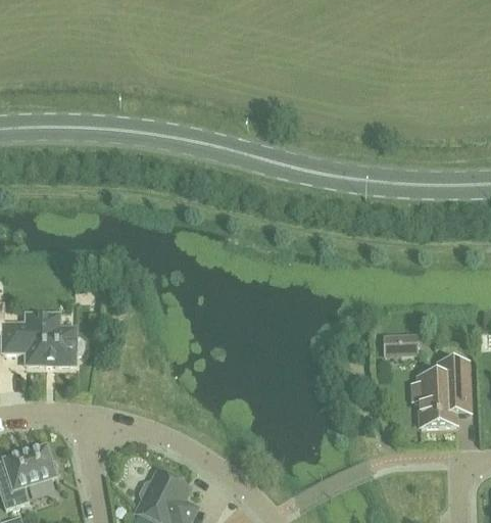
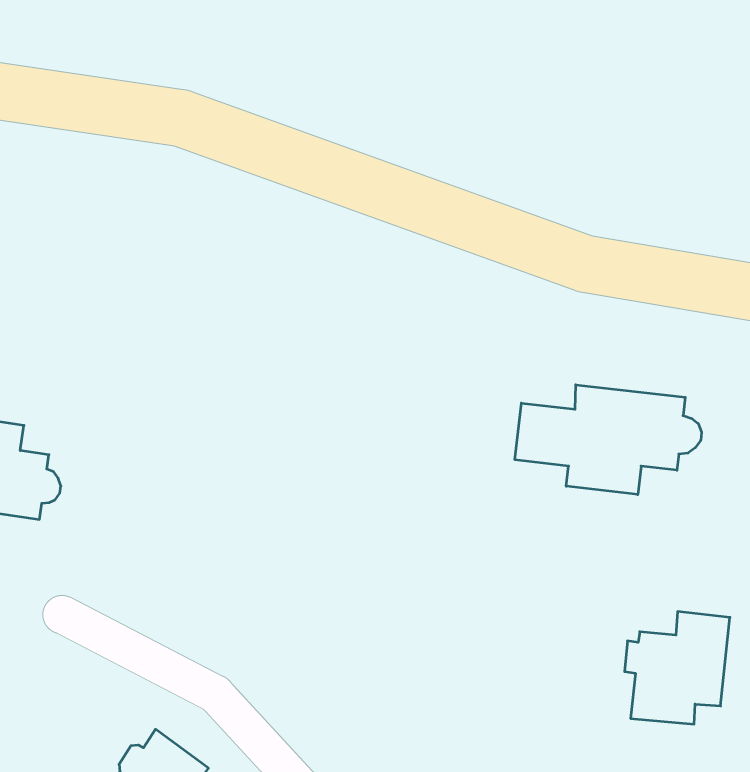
building: none -> [515,385,702,495]
building: [383,336,416,353] -> none

